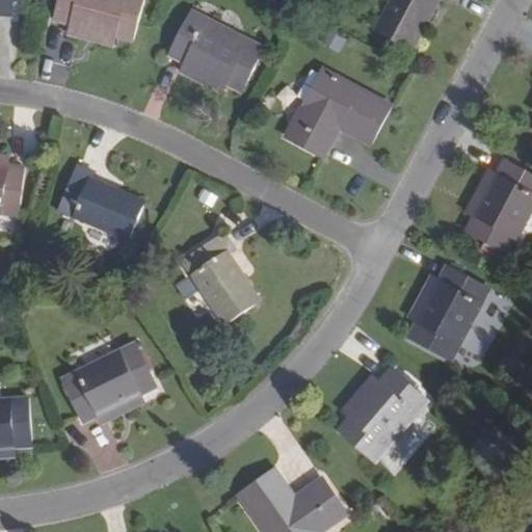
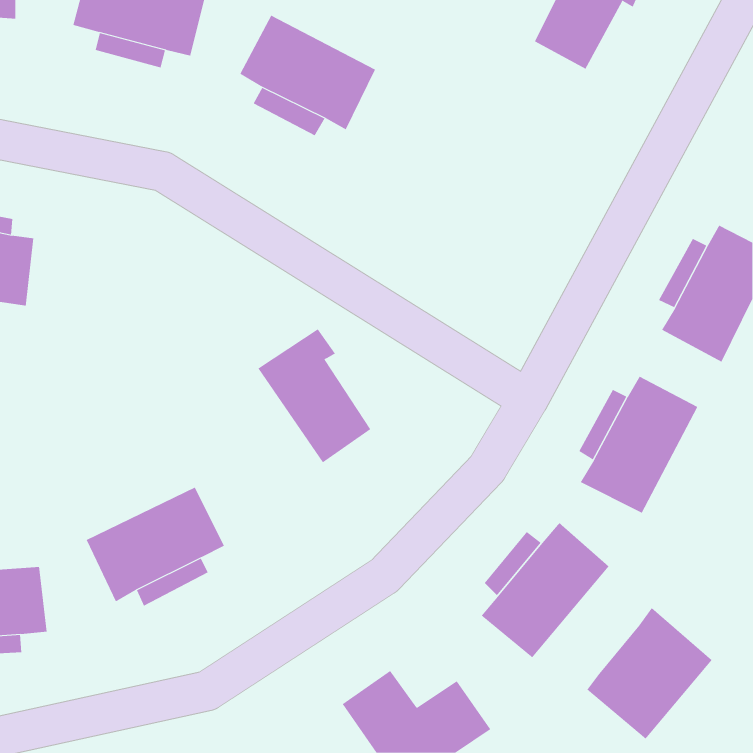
building: [288,69,389,155] -> none
building: [56,162,147,241] -> none
building: none -> [586,607,713,740]

